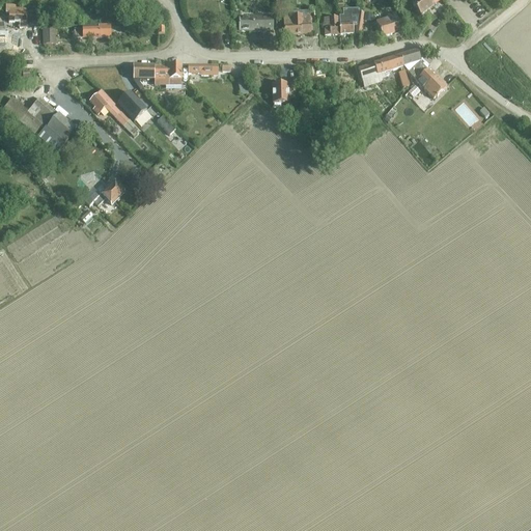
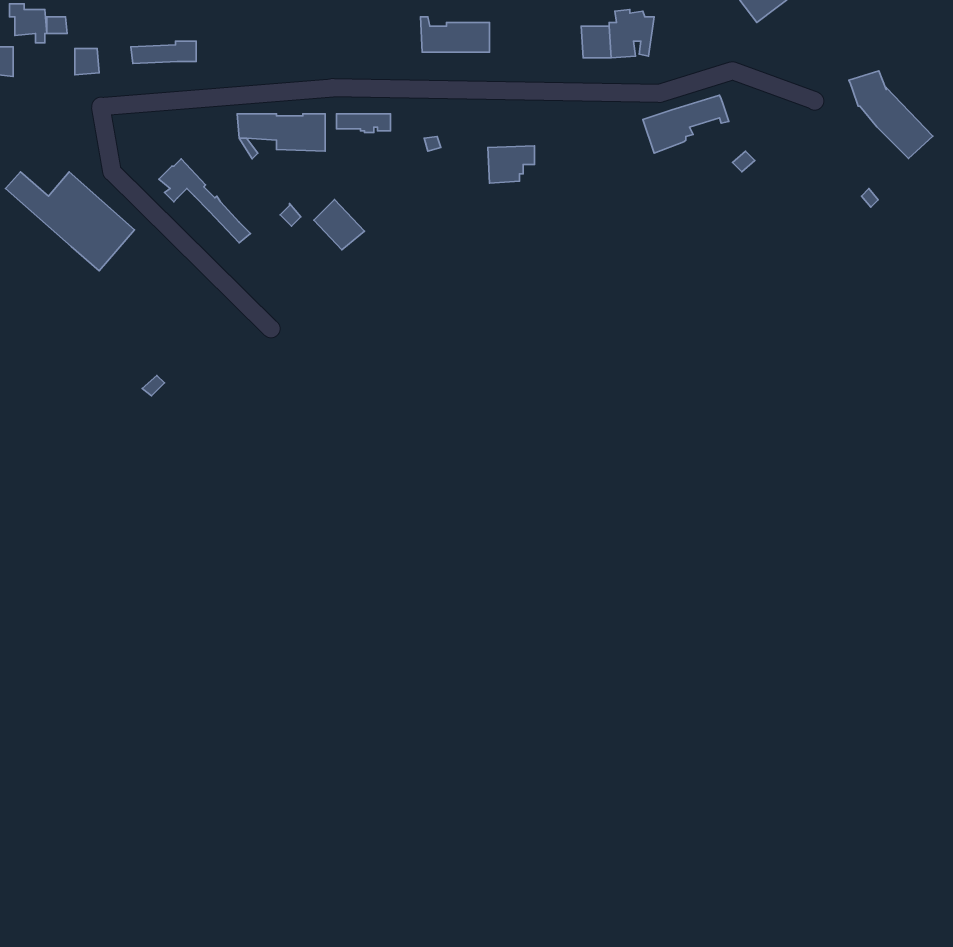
building: [375,8,402,34] -> none
building: [283,13,317,33] -> none
building: [399,48,446,96] -> [849,71,933,159]
building: [118,90,146,118] -> [314,200,364,250]
building: [83,180,123,204] -> none

